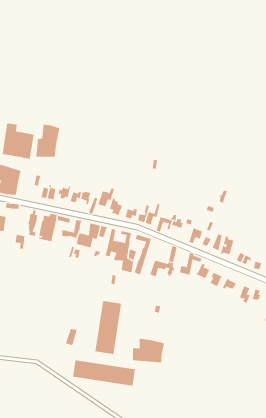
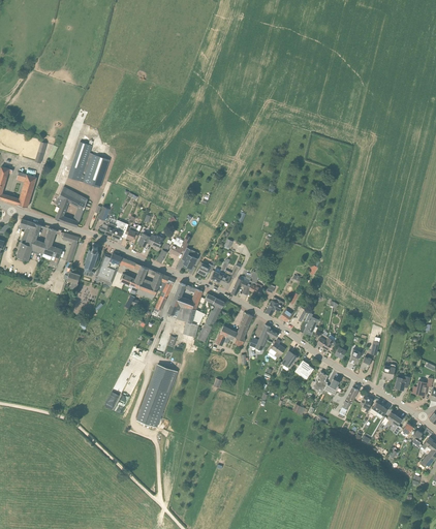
building: [36,124,60,157] -> none
building: [133,338,165,363] -> none
building: [73,359,135,387] -> none

